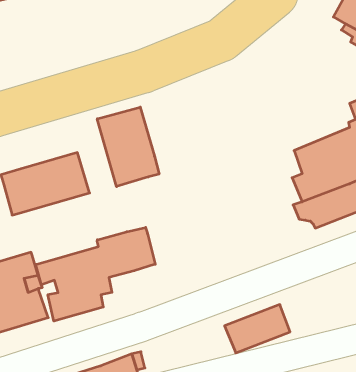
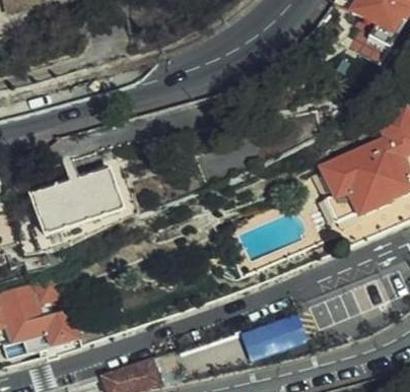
building: [97,107,159,187] -> none
building: [36,227,155,321] -> none

